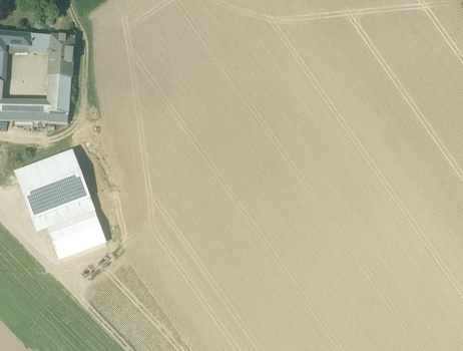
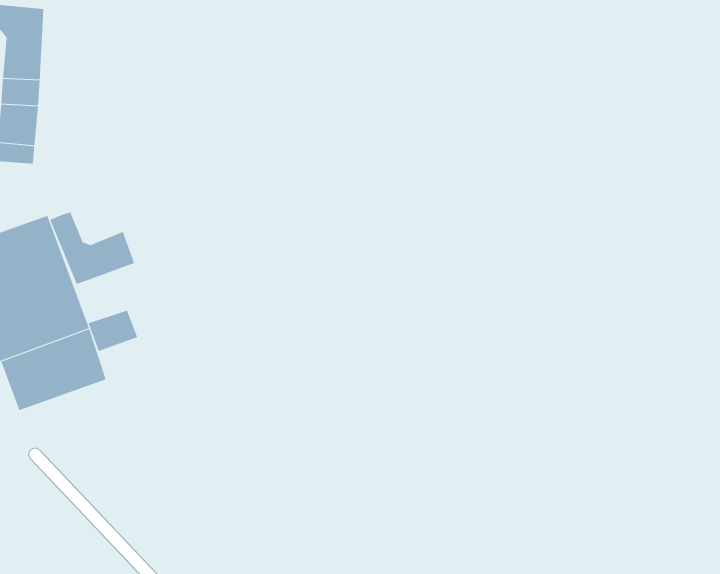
building: none -> [50,212,135,285]
building: none -> [88,310,138,352]

